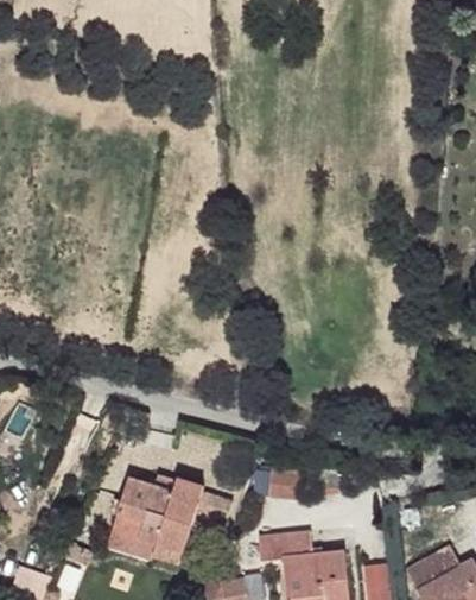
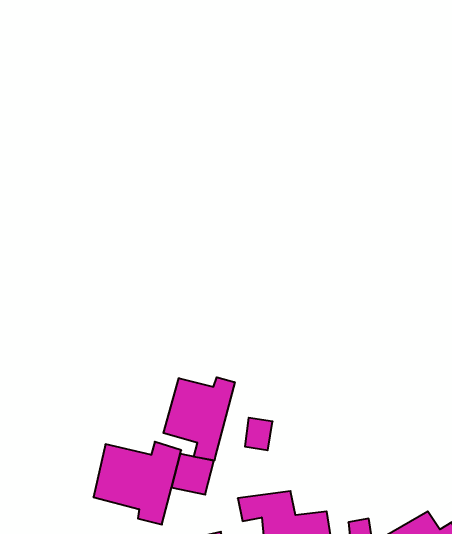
building: none -> [163,377,235,460]

